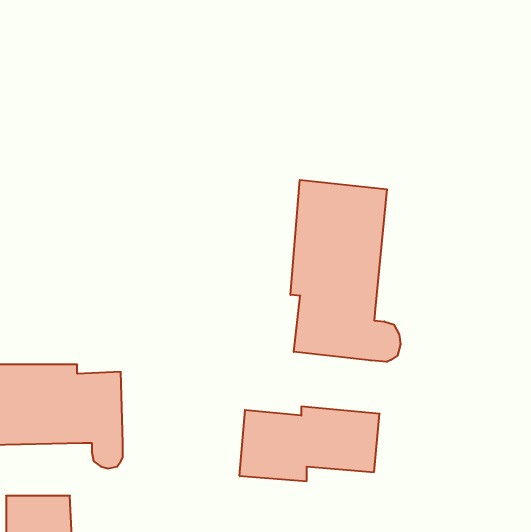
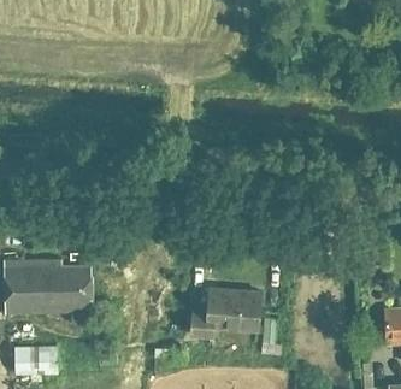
building: [290,180,400,362] -> none

